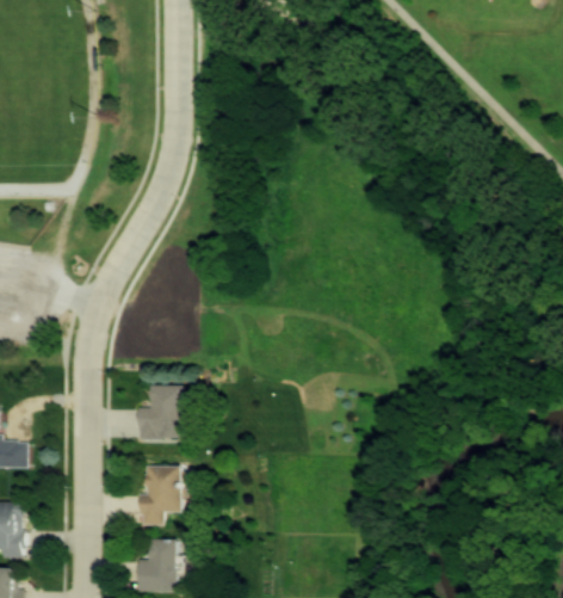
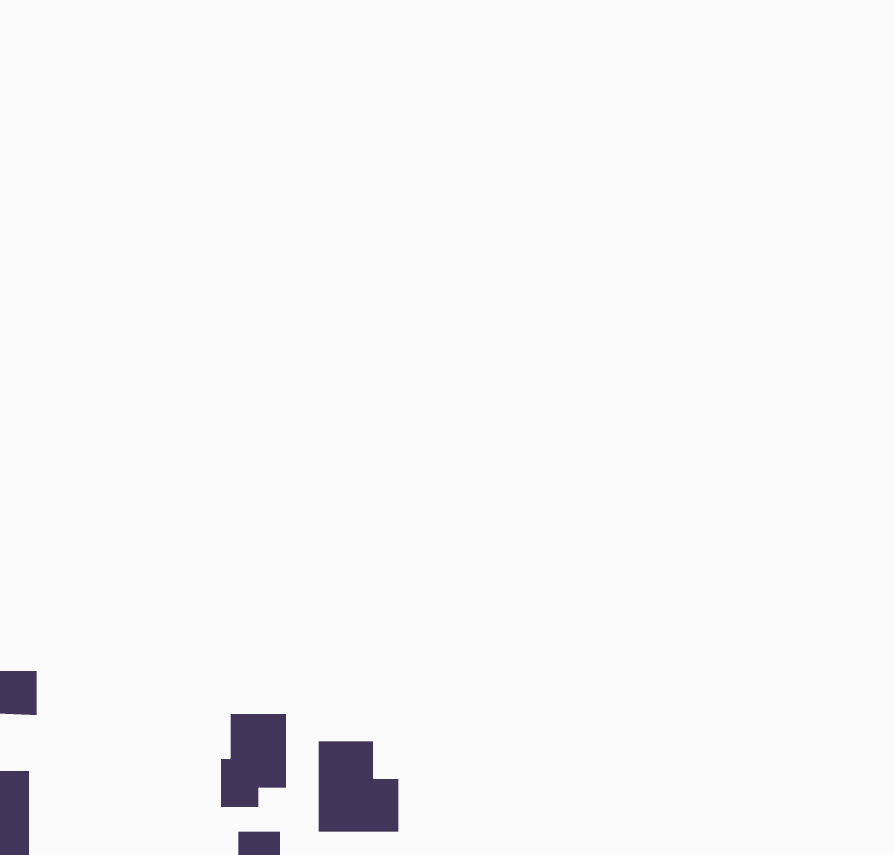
building: [138,386,185,437] -> none
building: none -> [318,741,399,832]

